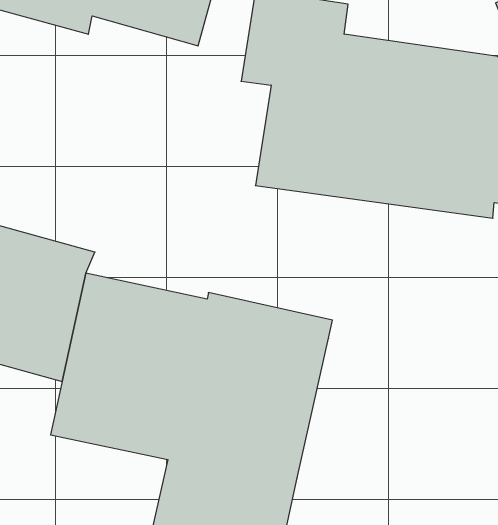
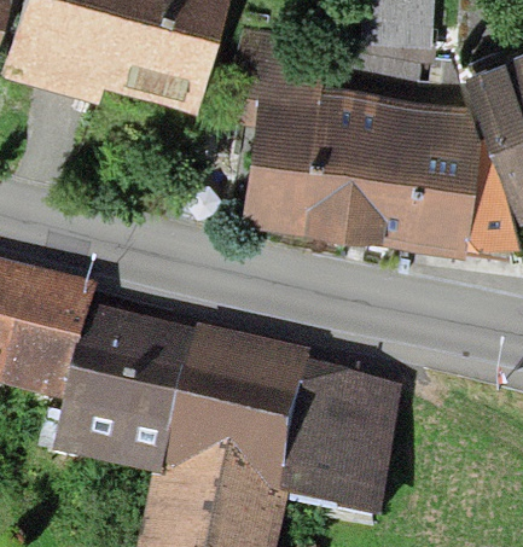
building: none -> [284,368,406,518]

